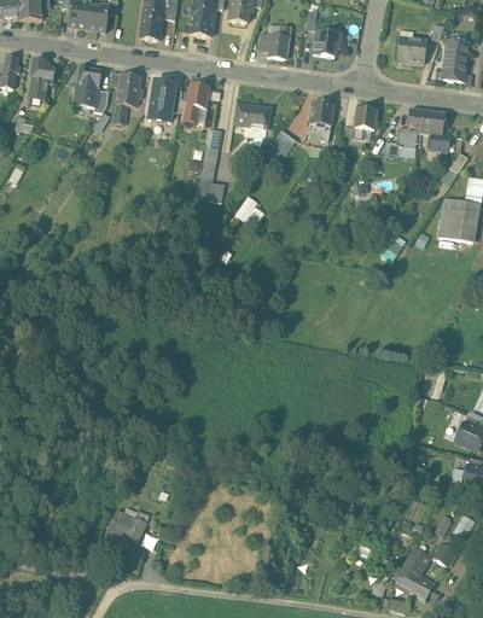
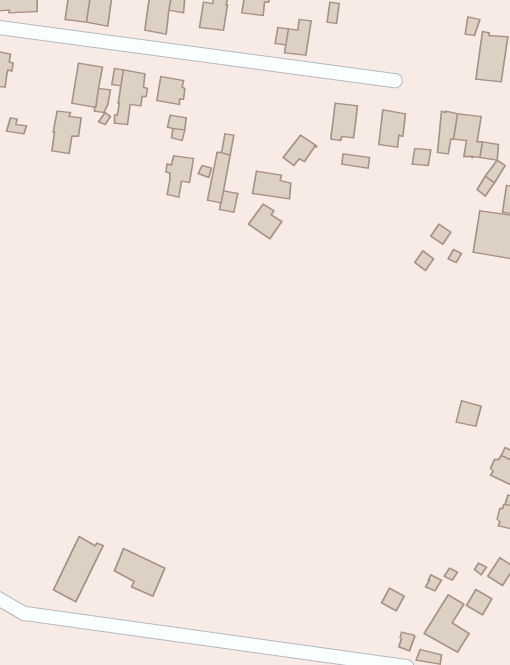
building: [313,23,341,57] -> none
building: [396,36,427,63] -> none
building: [29,59,56,98] -> [52,111,81,154]
building: [184,83,209,121] -> [166,156,194,197]
building: [234,103,269,128] -> [252,171,291,199]
building: none -> [54,536,103,602]

